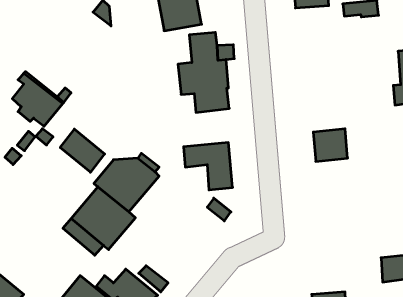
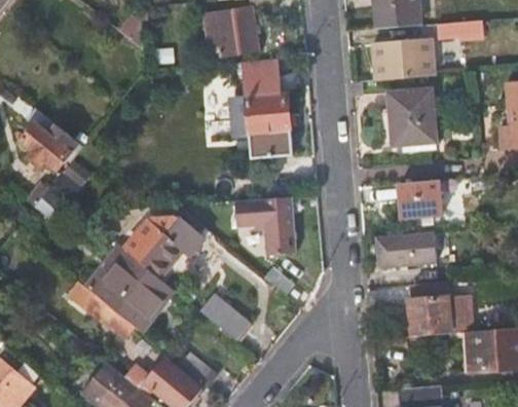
building: none -> [372,36,434,79]
building: none -> [387,88,436,145]
building: [60,129,105,172] -> none
building: none -> [375,230,436,269]
building: none -> [407,293,472,336]
building: none -> [196,294,248,340]

